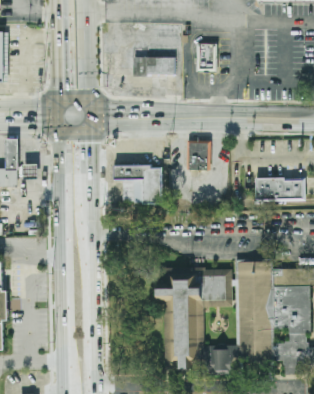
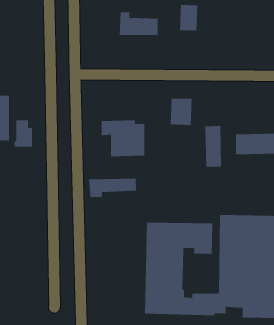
building: none -> [205,125,222,167]
building: none -> [88,178,136,198]

